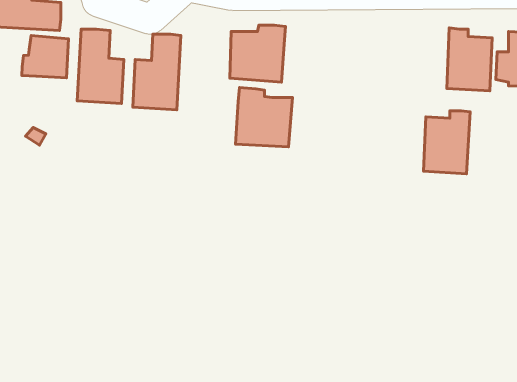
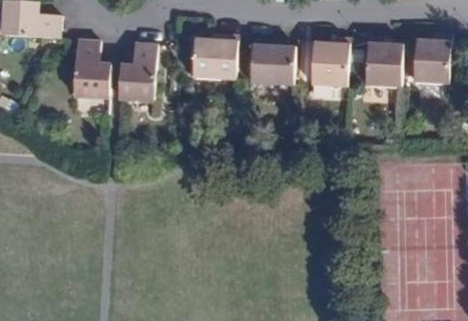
building: [22,35,68,78] -> none
building: [236,88,292,147] -> [250,38,295,85]
building: [423,111,470,174] -> [312,37,349,87]

